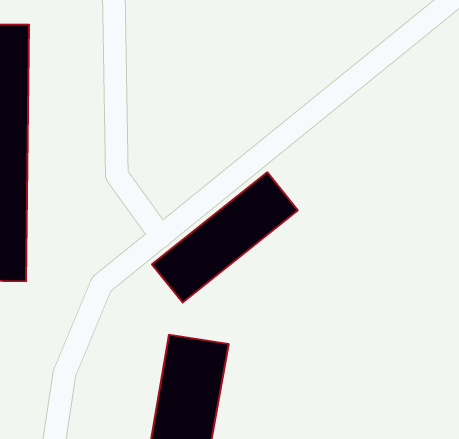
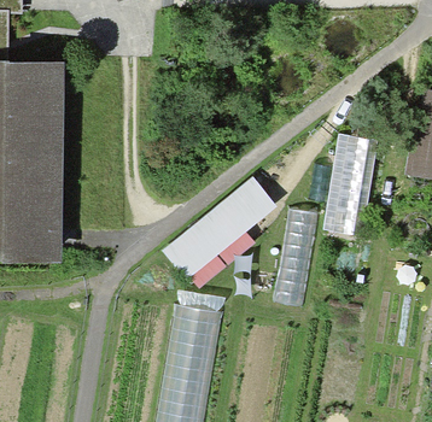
building: none -> [322,133,378,234]
building: none -> [273,209,319,307]

